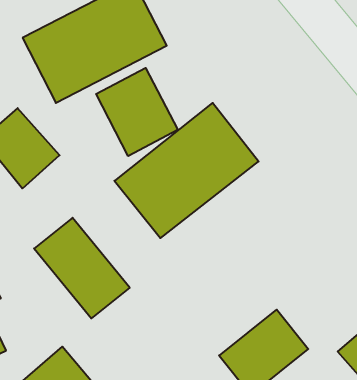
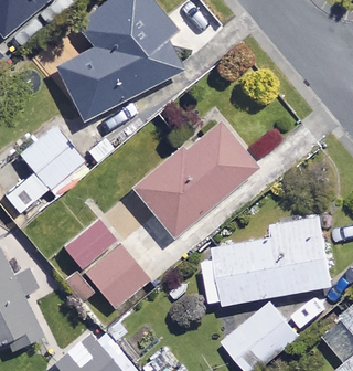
building: [96,68,178,156] -> none
building: none -> [205,215,335,306]

